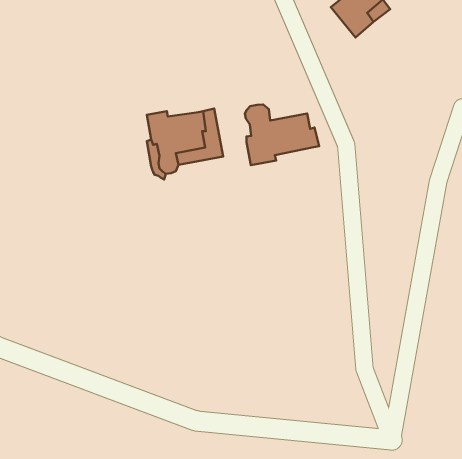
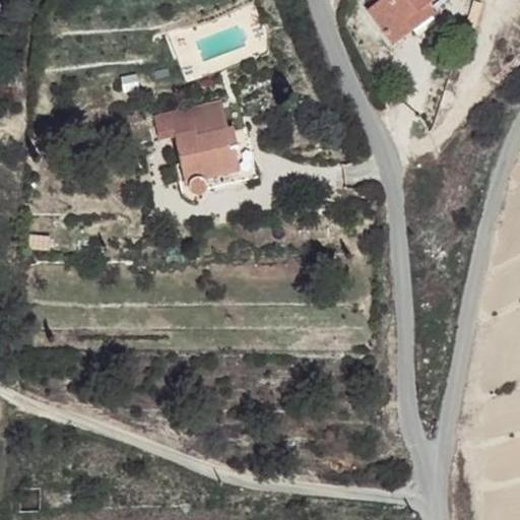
building: none -> [148,98,221,131]
building: [245,105,319,165] -> none

